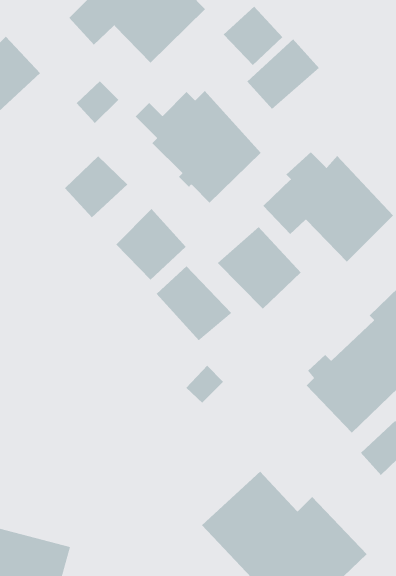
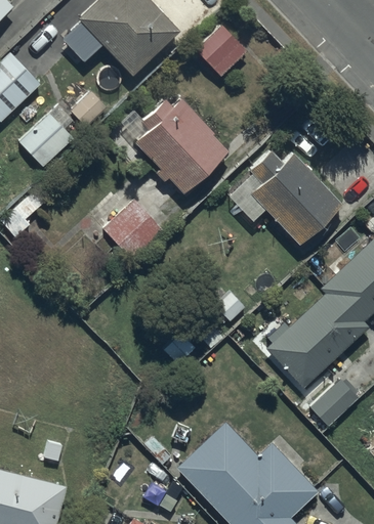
building: [246,39,320,110] -> none
building: [64,156,128,218] -> [19,114,74,167]
building: [217,226,301,310] -> none
building: [156,265,232,341] -> none

